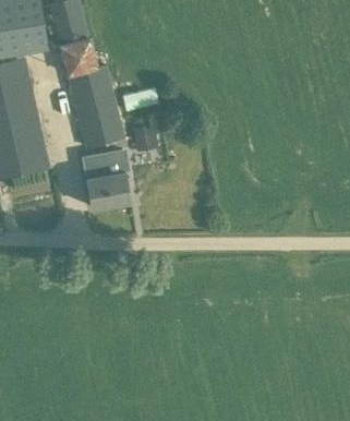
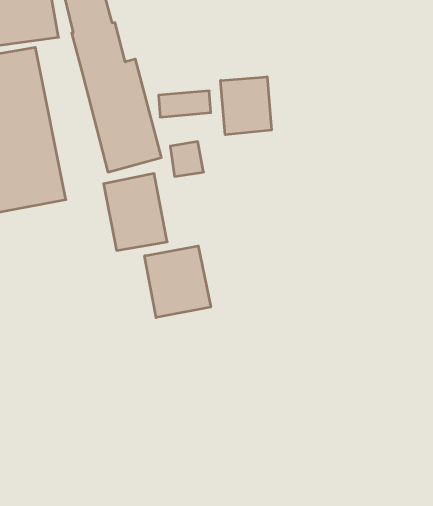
building: none -> [221,77,271,135]
building: none -> [145,246,211,318]

